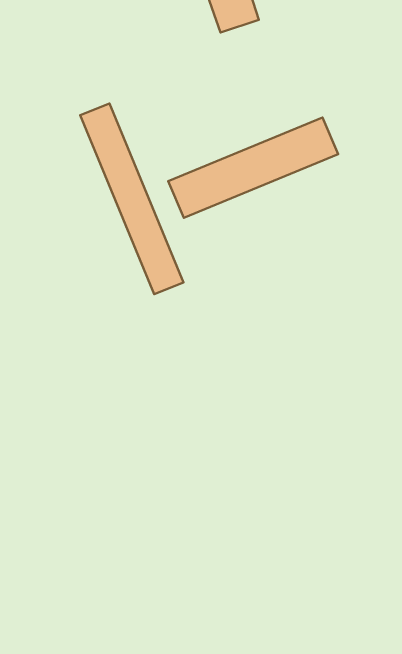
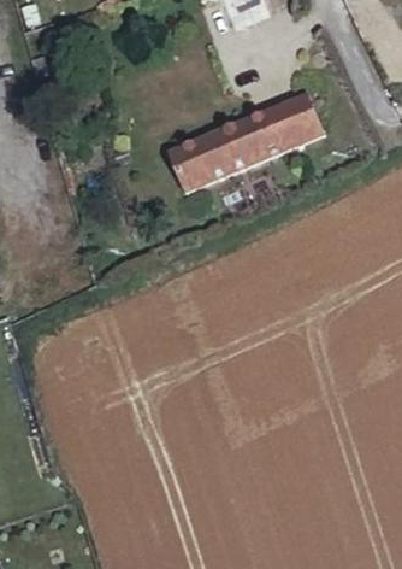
building: [80,104,183,294] -> none

